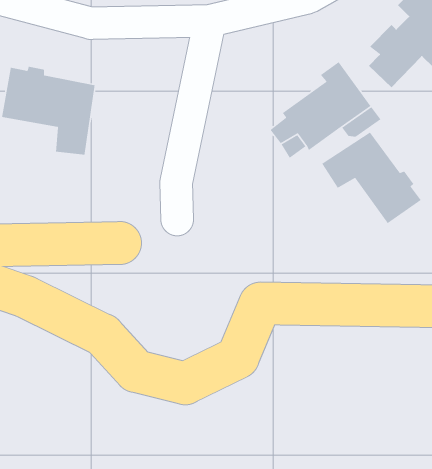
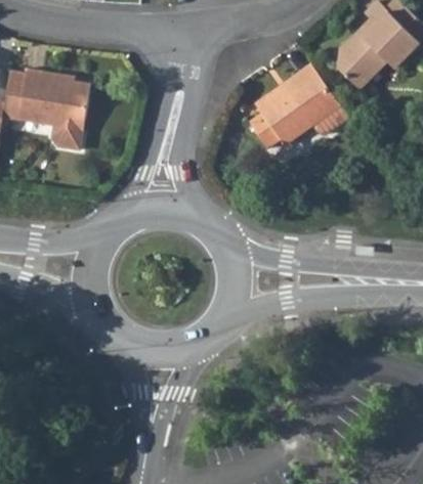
building: [321,132,422,224] -> none

